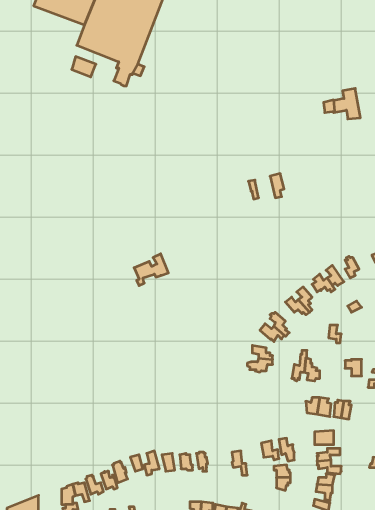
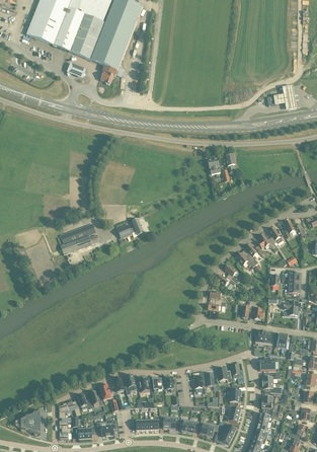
building: none -> [29,19,76,51]
building: none -> [60,222,98,253]

